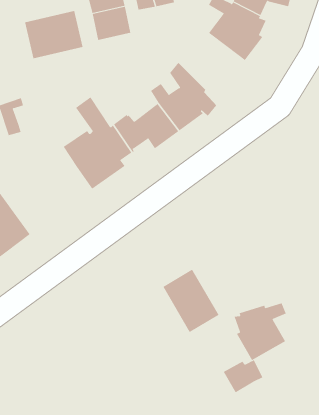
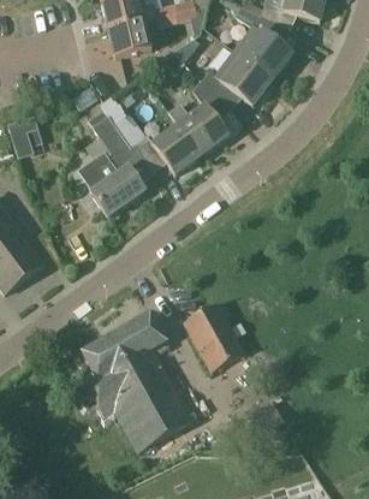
building: [25,10,83,59] -> none
building: none -> [201,47,273,108]
building: none -> [75,311,191,451]
building: [234,303,287,361] -> none

